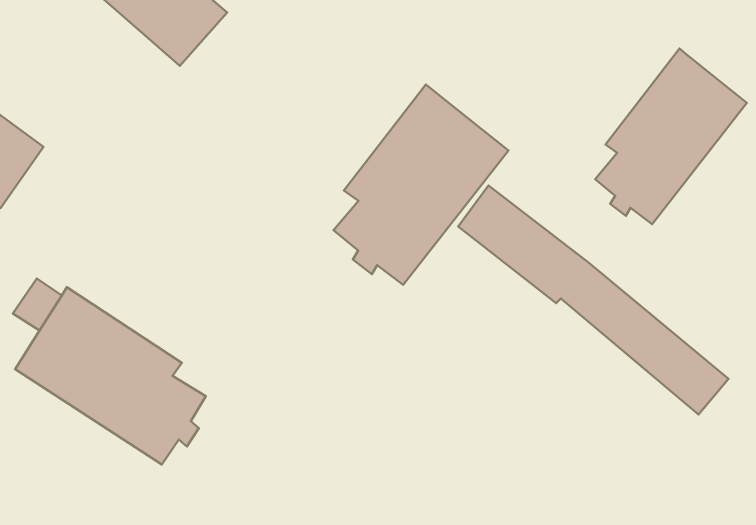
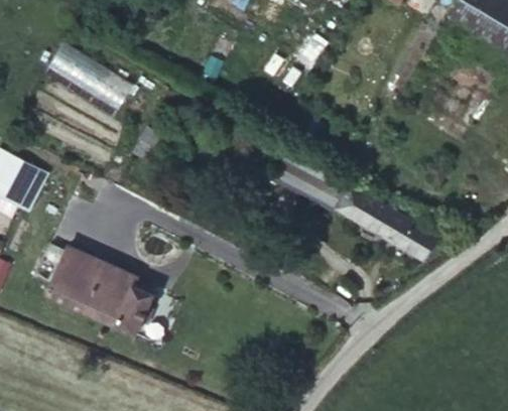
building: [595,49,747,224] -> none
building: [334,84,508,285] -> none

